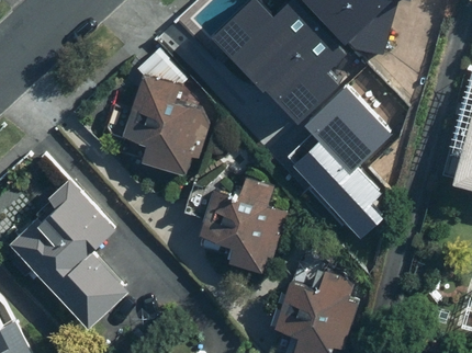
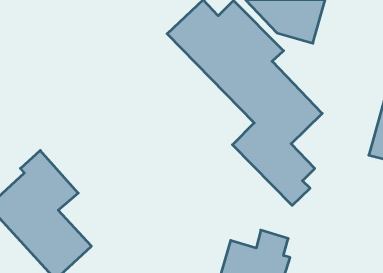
building: [122,73,212,176] -> none
building: [200,178,288,272] -> none

